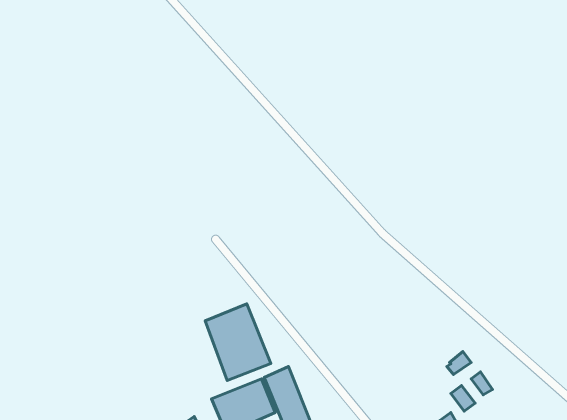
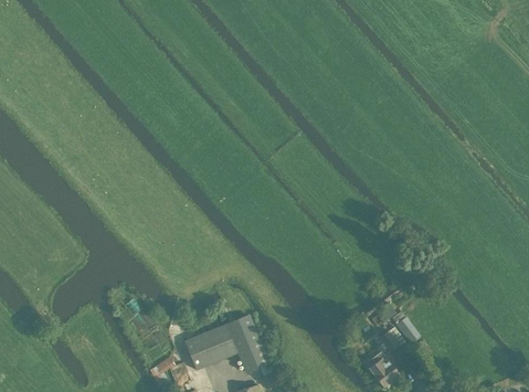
building: [205,304,271,381] -> none

